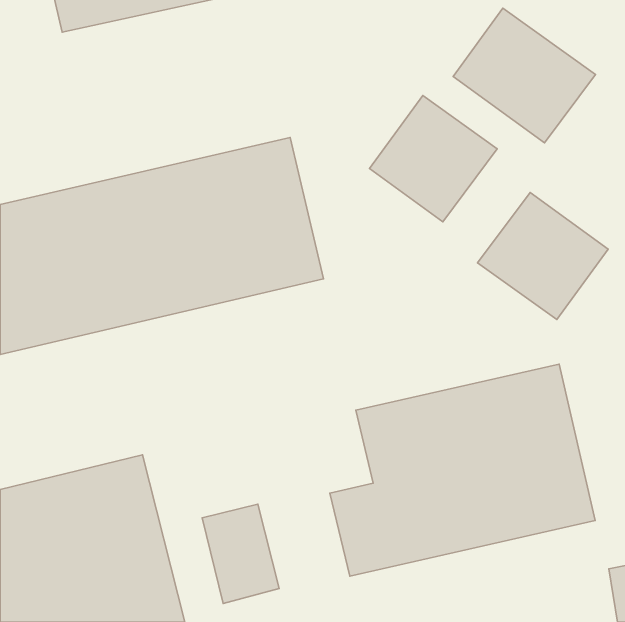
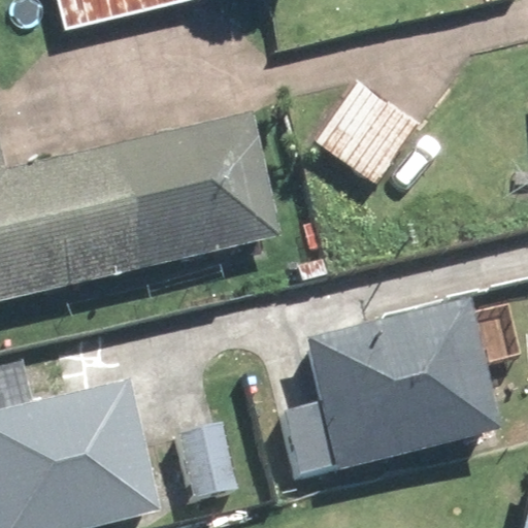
building: [453,8,595,143] -> none
building: [478,192,608,319] -> none

